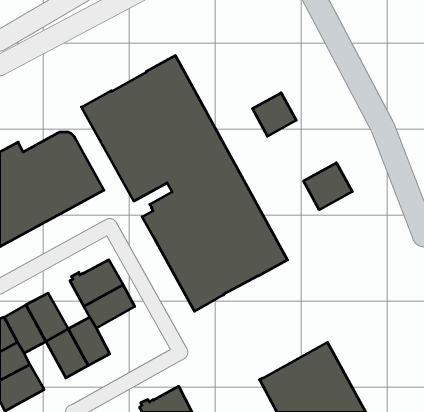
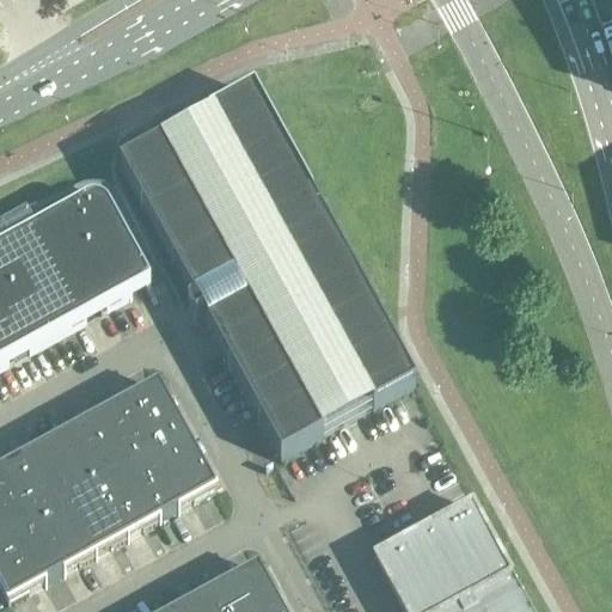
building: [252,93,296,136] -> none
building: [304,163,352,210] -> none
building: none -> [69,404,129,473]
building: none -> [139,441,214,509]
building: none -> [35,491,94,561]

